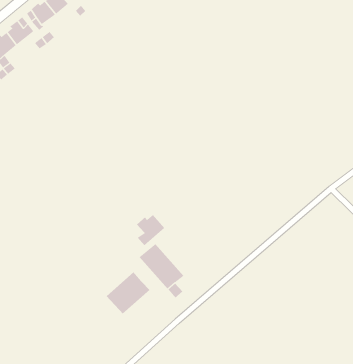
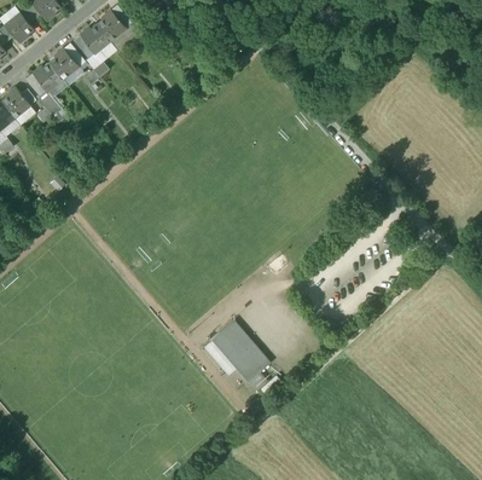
building: [136,214,165,246] -> none
building: [106,272,151,315] -> none

